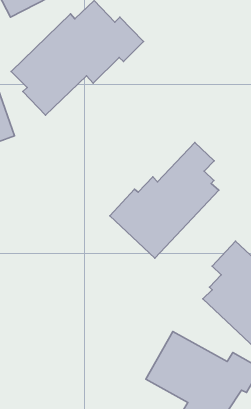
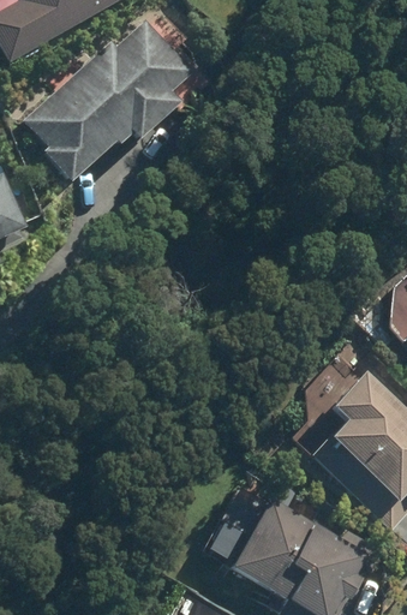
building: [110,143,219,258] -> none

